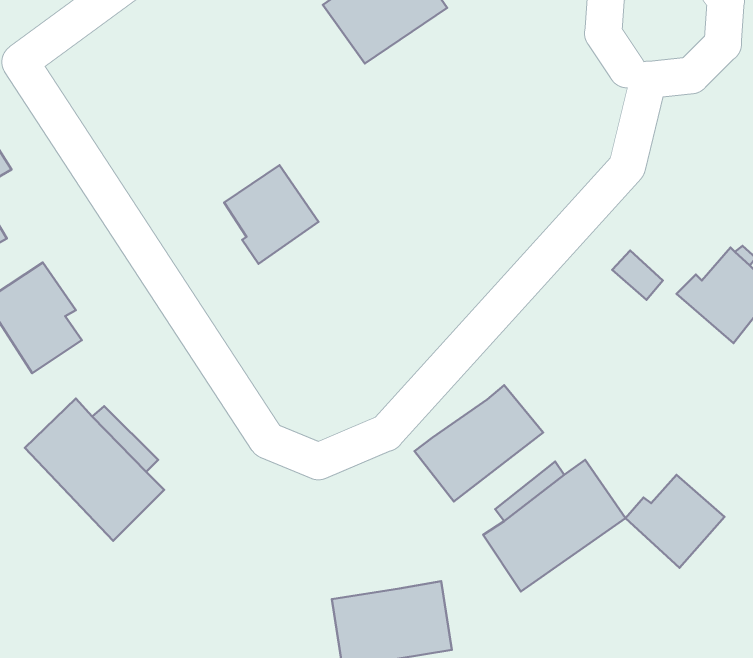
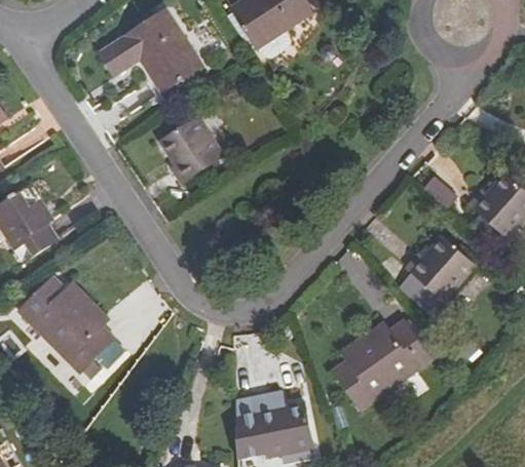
building: none -> [98,9,200,91]
building: [415,385,543,502] -> none
building: [626,475,724,568] -> [406,239,474,303]

